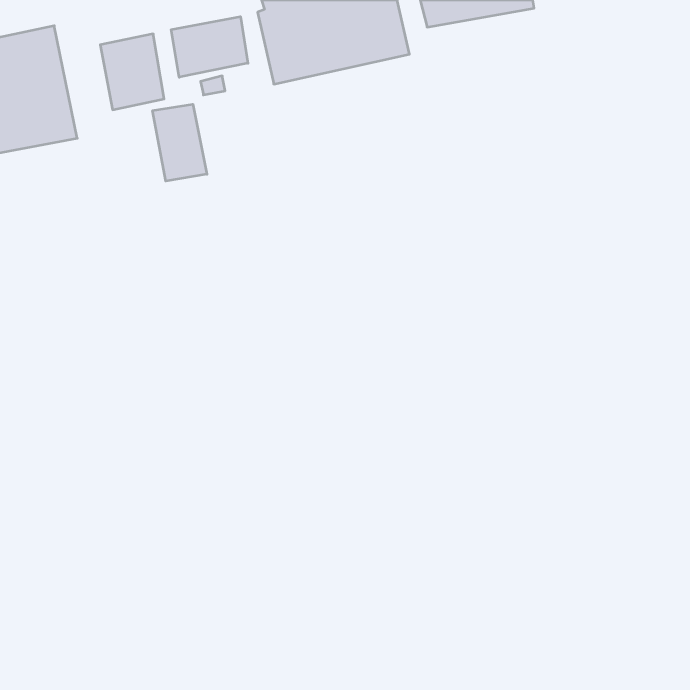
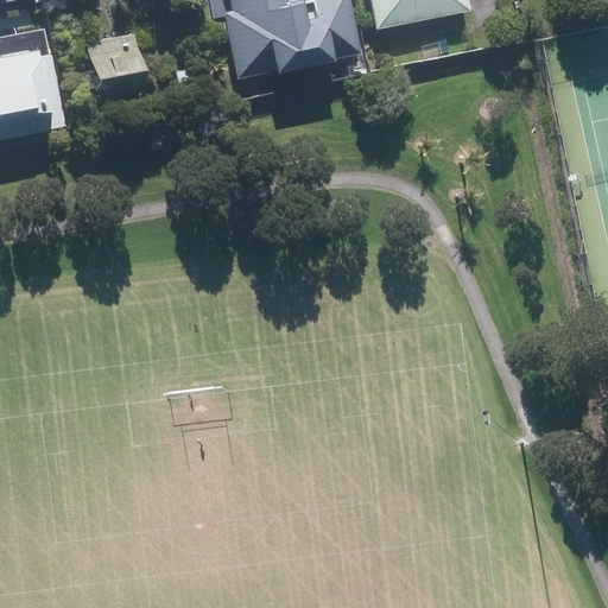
building: [171,17,248,77] -> none
building: [153,104,207,181] -> none

